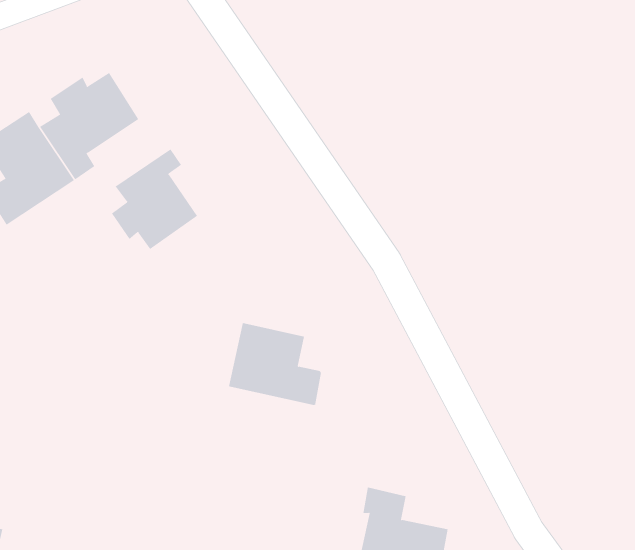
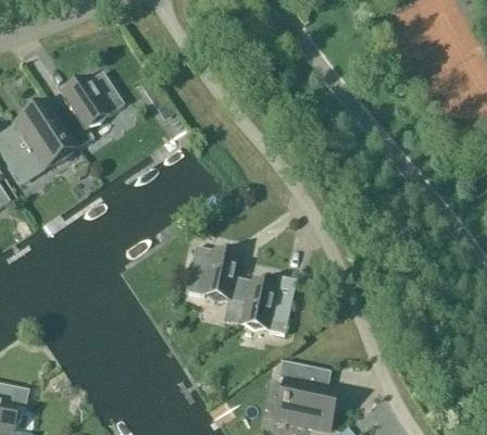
building: [111,148,198,250] -> none
building: none -> [240,275,296,334]

